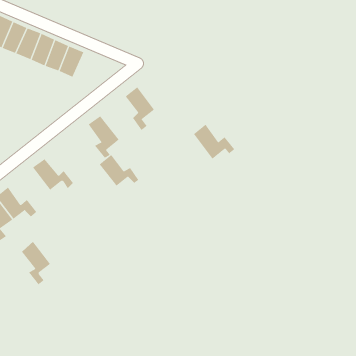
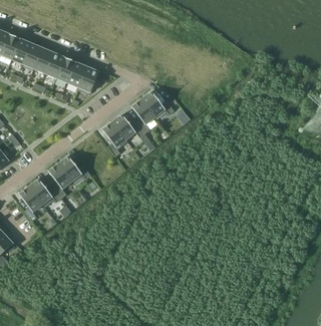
building: [193,124,235,159] -> [141,91,175,119]
building: [99,154,139,189] -> [112,114,144,141]
building: [20,241,51,285] -> [48,164,72,199]

